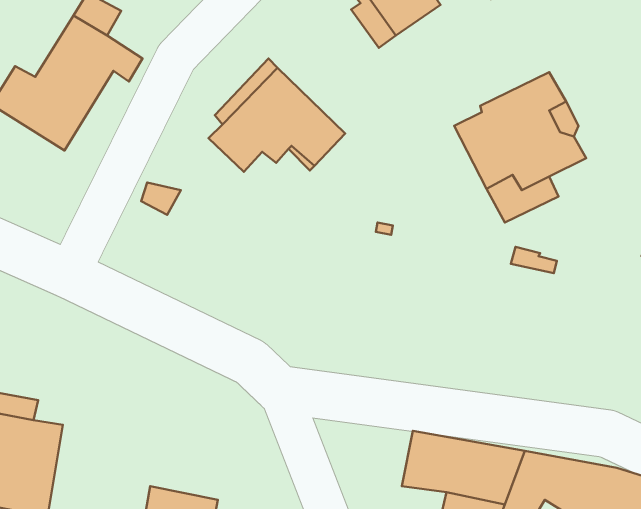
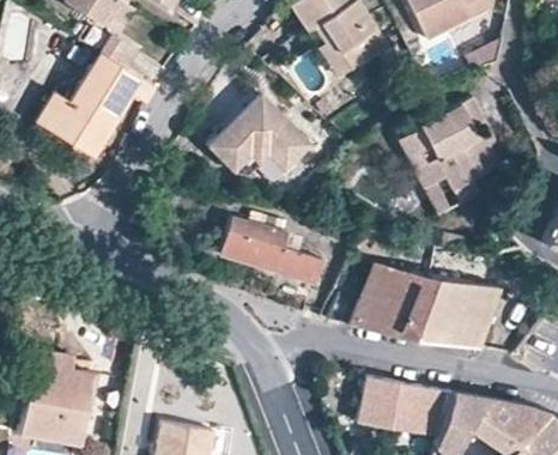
building: none -> [219,213,321,284]
building: none -> [348,262,499,348]

